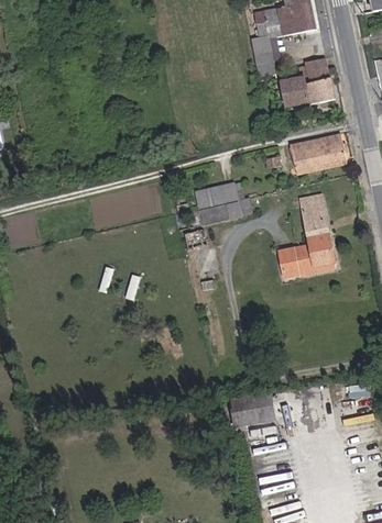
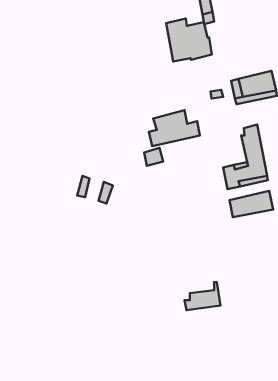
building: [279,54,335,107] -> [166,19,212,62]
building: none -> [230,191,273,217]
building: [230,393,269,415] -> none

